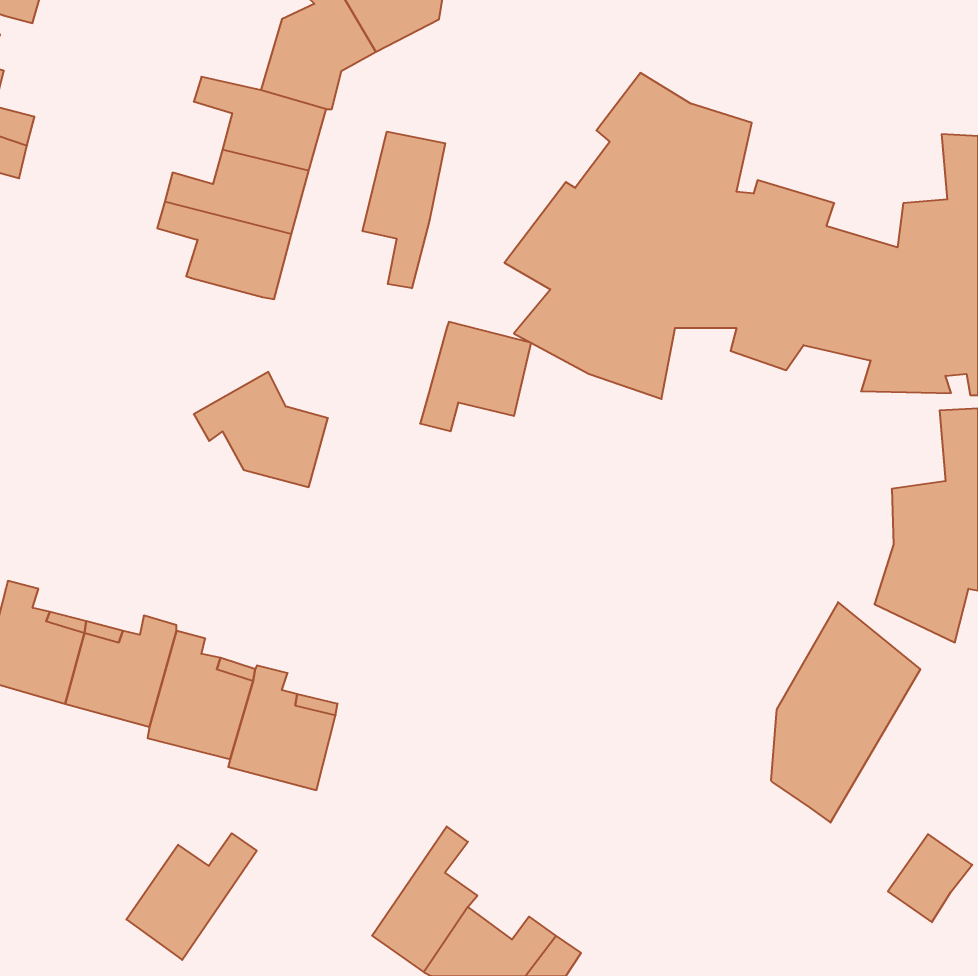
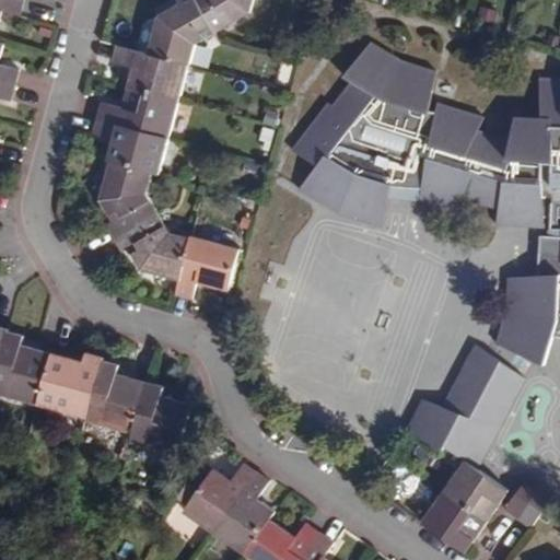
building: [363,132,445,288] -> none
building: none -> [100,159,153,236]
building: [420,322,531,431] -> [172,235,235,298]
building: none -> [398,401,443,457]
building: none -> [421,460,504,550]
building: [126,833,257,960] -> [180,462,255,534]

